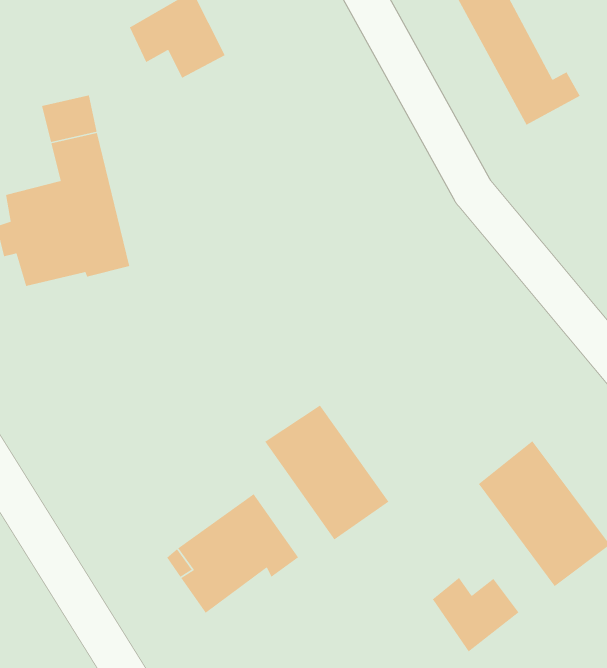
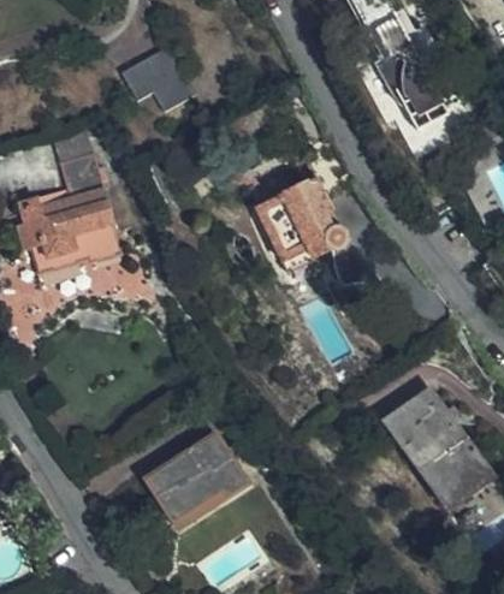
building: none -> [256,142,354,260]
building: [264,405,389,541] -> none
building: [432,577,519,653] -> none

